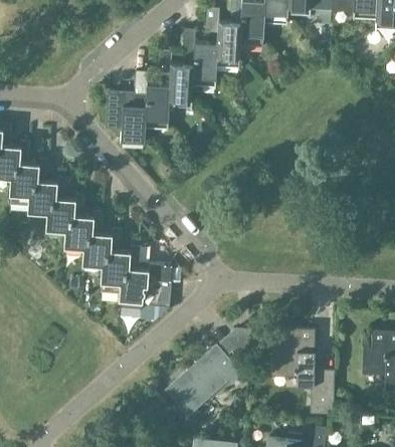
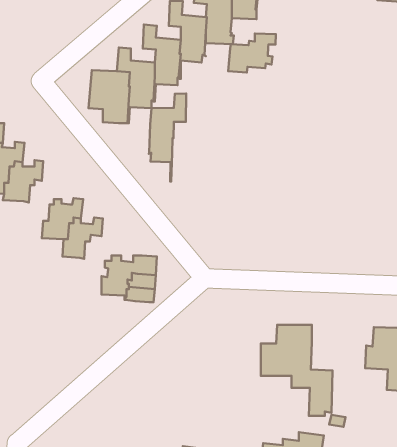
building: none -> [228,34,276,72]
building: none -> [149,94,186,181]
building: [46,195,84,233] -> none
building: [97,246,139,301] -> none
building: [165,331,250,414] -> none

